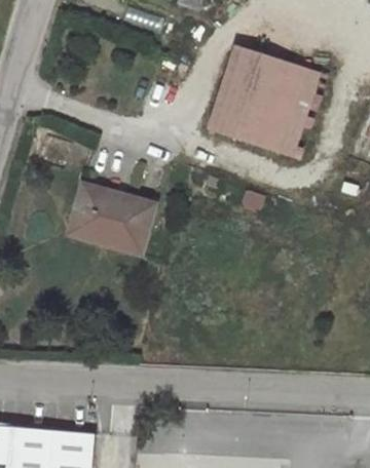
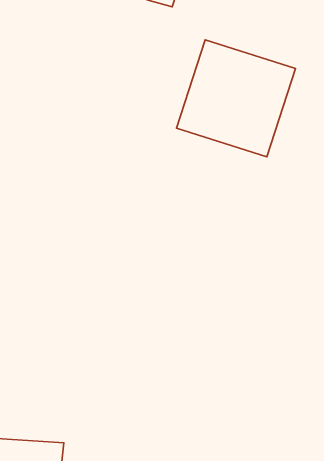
building: [66,178,157,255] -> none

